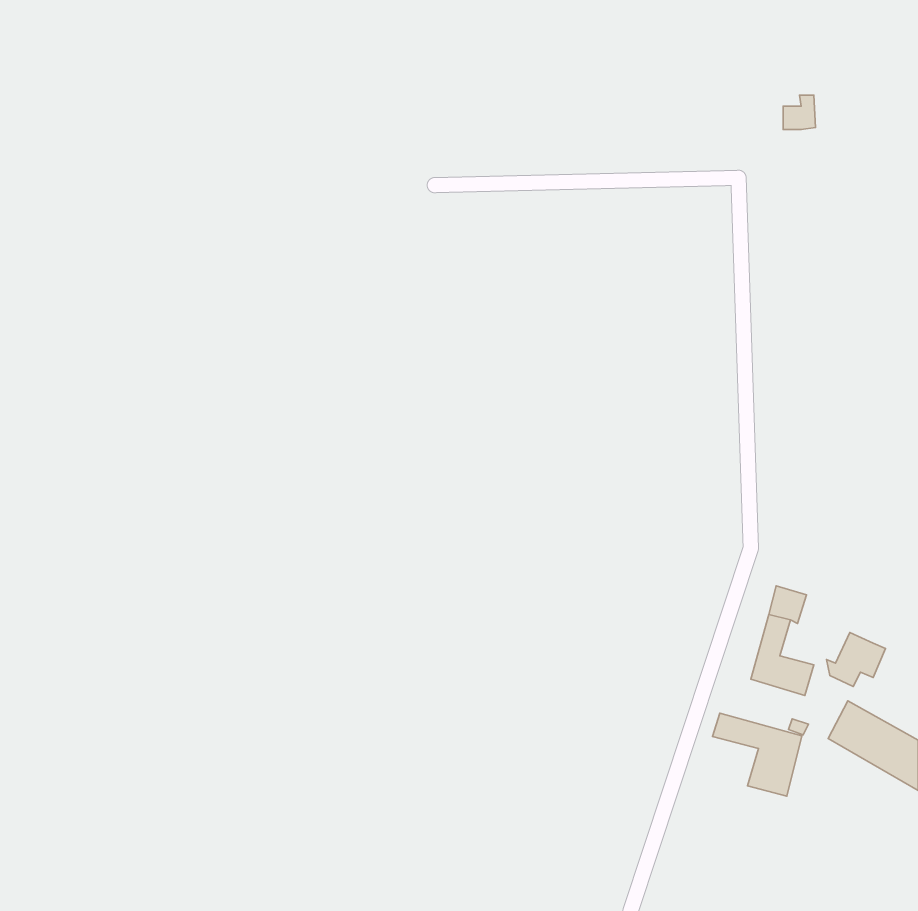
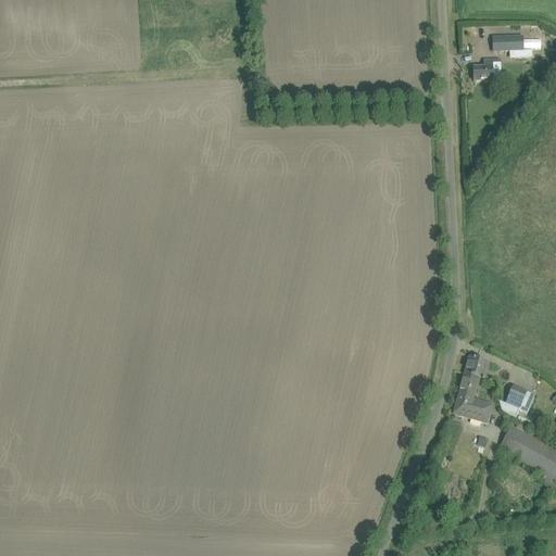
building: none -> [493,34,532,55]
building: [712,713,802,796] -> none

